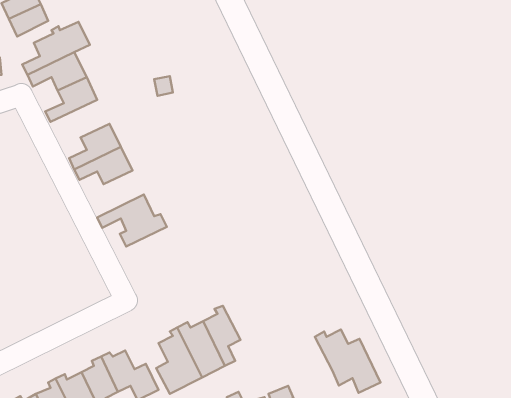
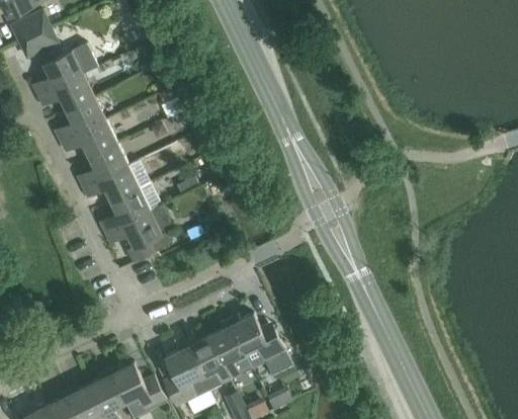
building: none -> [60,119,117,156]
building: none -> [100,188,151,234]
building: [315,329,380,393] -> [228,313,291,374]

